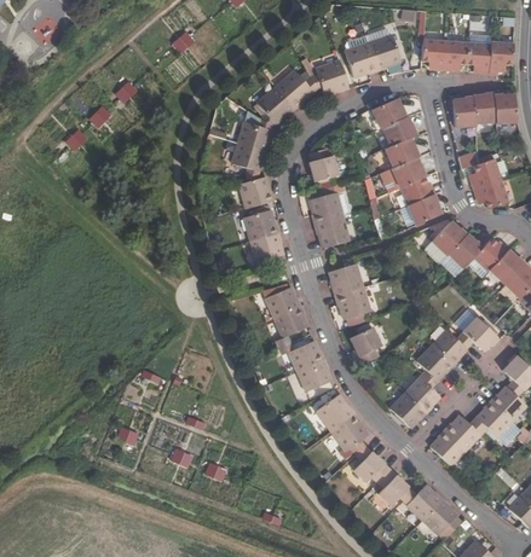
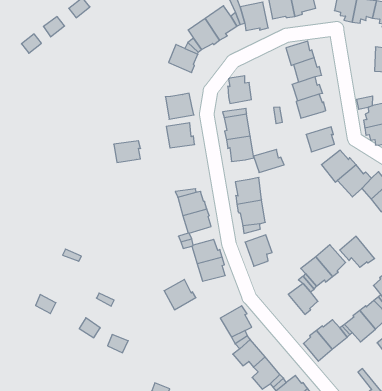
building: [452,95,475,128] -> none
building: [231,141,265,169] -> none
building: [397,176,433,205] -> [254,149,284,173]
building: [250,232,283,260] -> [114,141,141,162]
building: [317,391,354,428] -> [164,279,196,310]
building: [392,391,428,427] -> none

